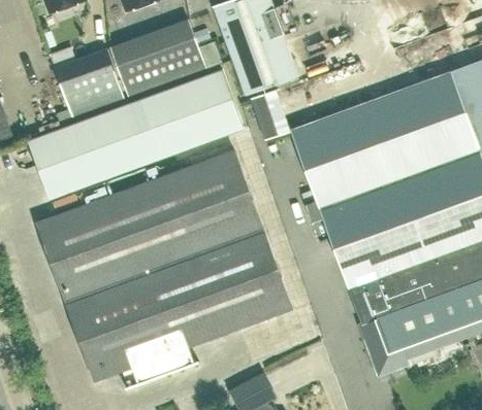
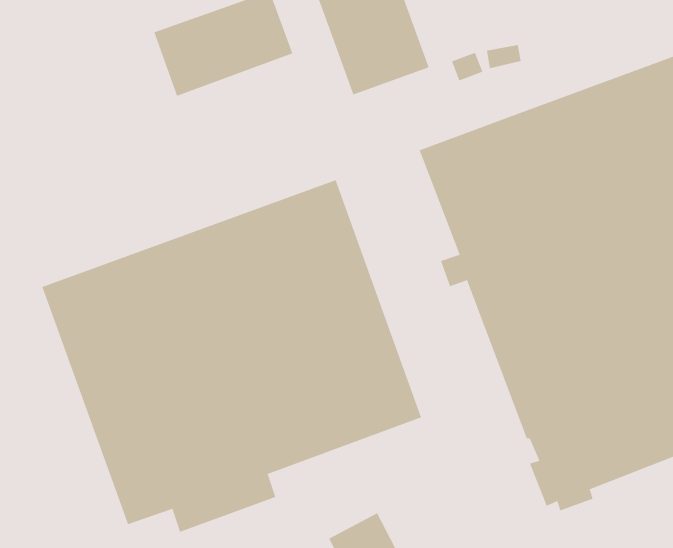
building: [55,48,123,113] -> none
building: [27,69,244,198] -> none

